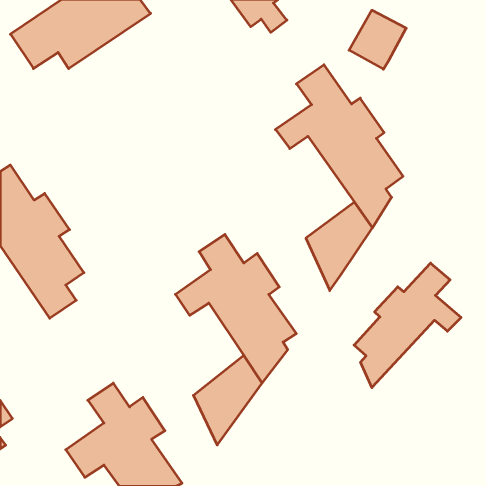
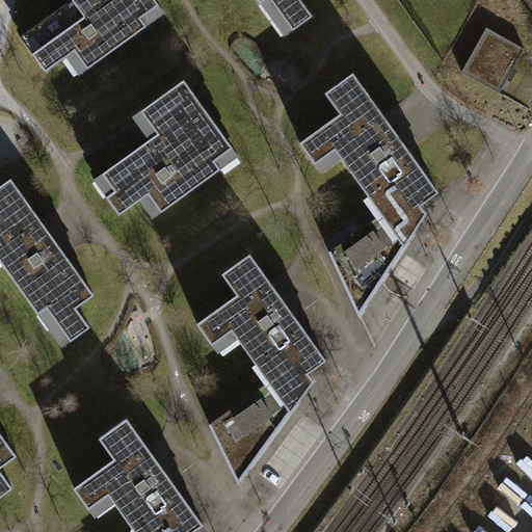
building: [349,10,406,69] -> [463,28,526,92]
building: none -> [84,72,235,217]
building: [354,263,461,388] -> none

